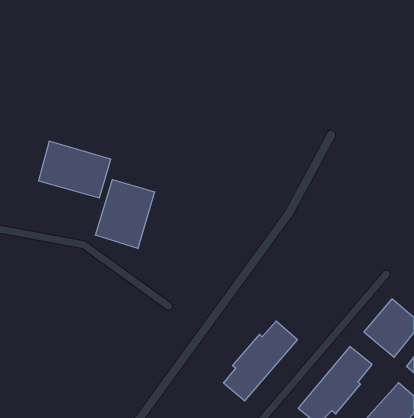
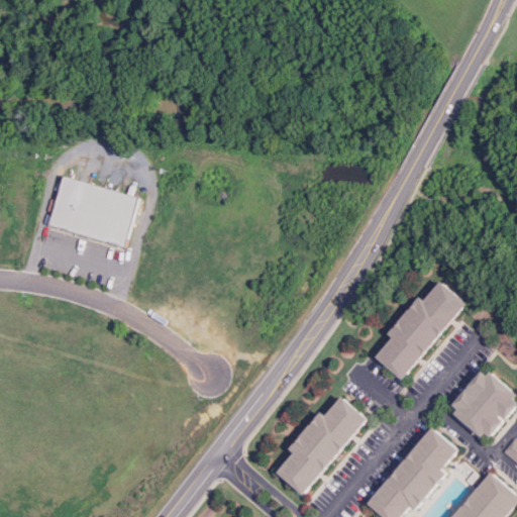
building: [95,180,155,249] -> none
building: none -> [374,281,464,381]

